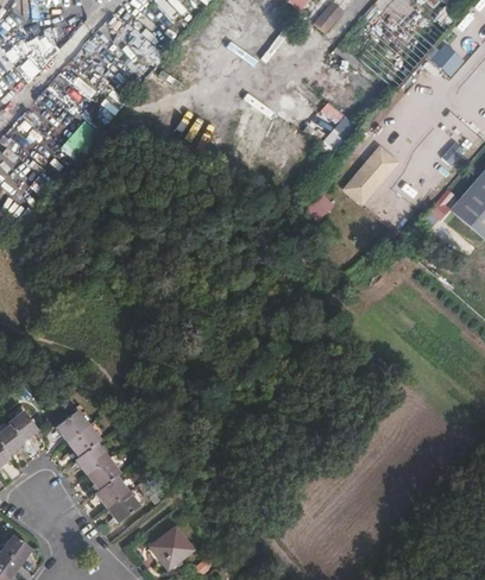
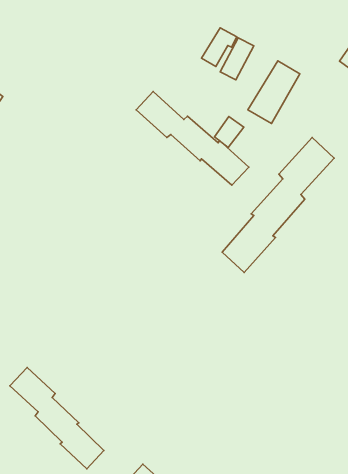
building: none -> [136,92,249,185]
building: none -> [222,138,334,273]

